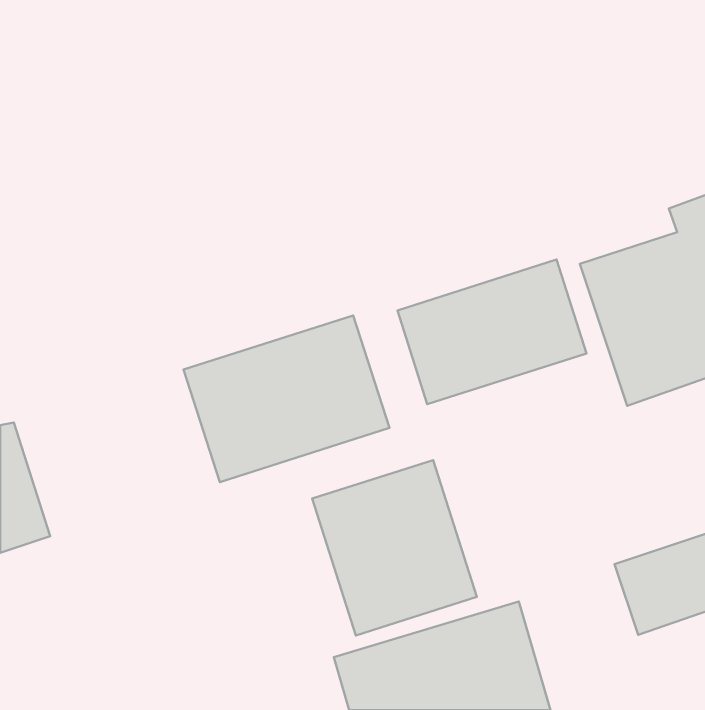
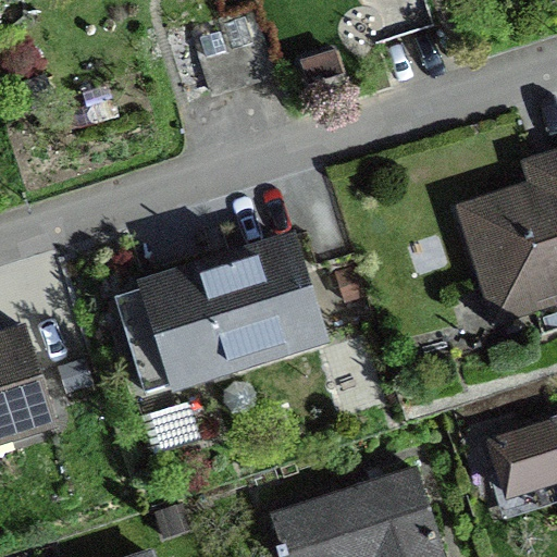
building: [397,260,586,404] -> none
building: [312,460,477,635] -> none

